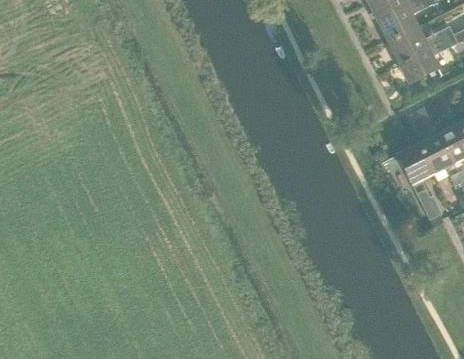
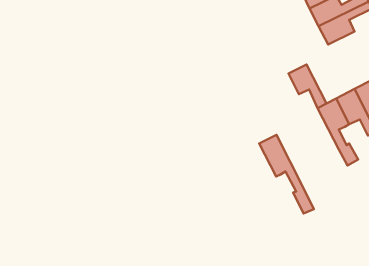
building: none -> [288,64,327,108]
building: none -> [259,135,314,214]

